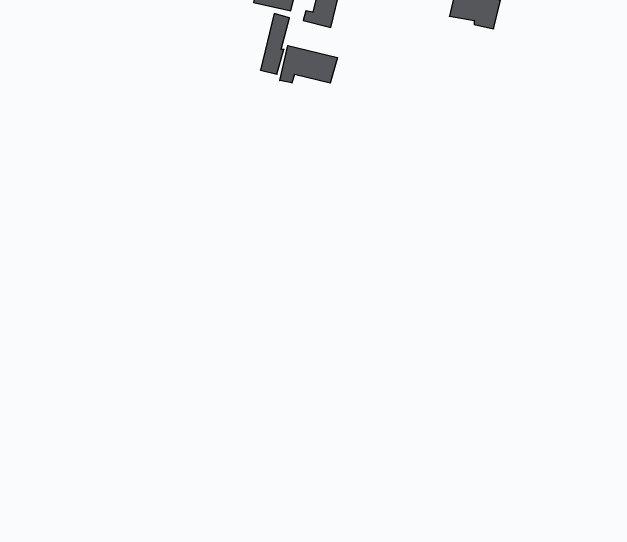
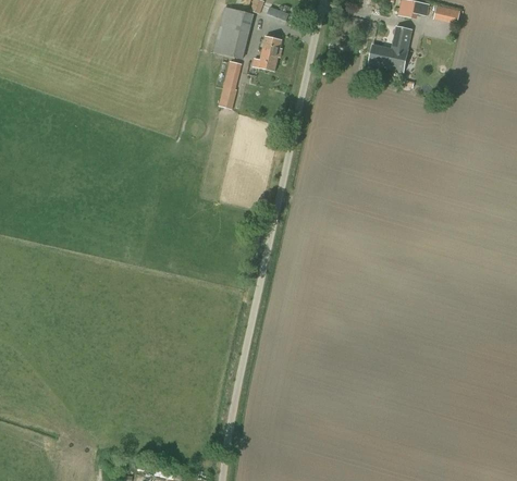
building: [280,46,337,83] -> none

